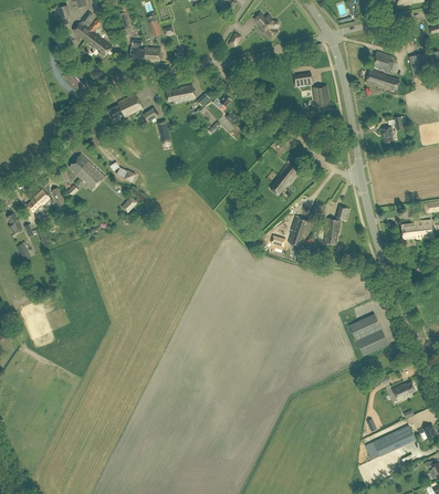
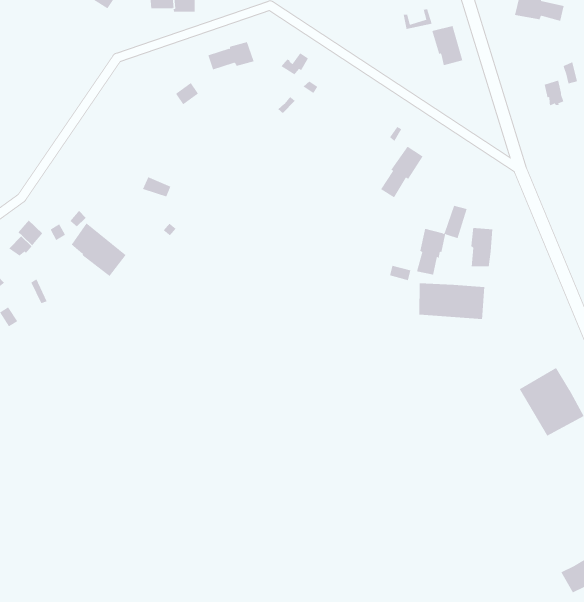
building: [108,93,144,120] -> none
building: [70,153,105,189] -> [71,223,127,277]
building: none -> [419,283,485,320]

